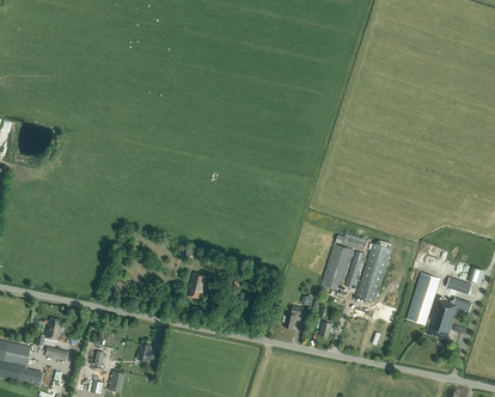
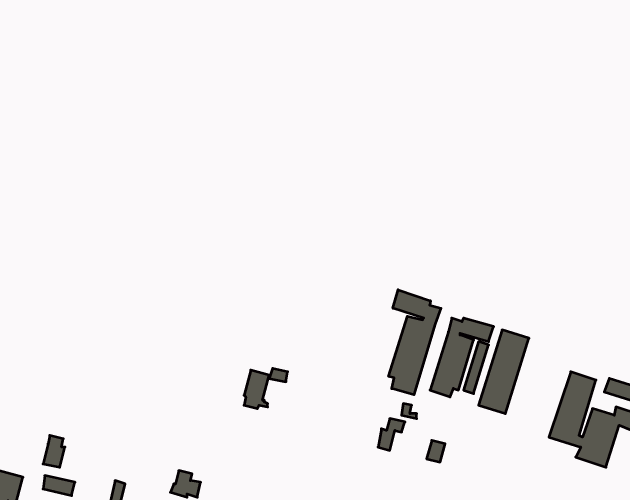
building: none -> [389,290,441,395]

